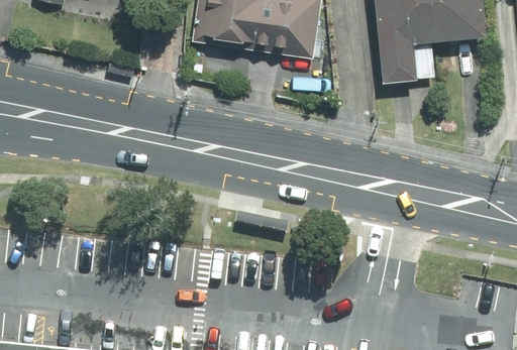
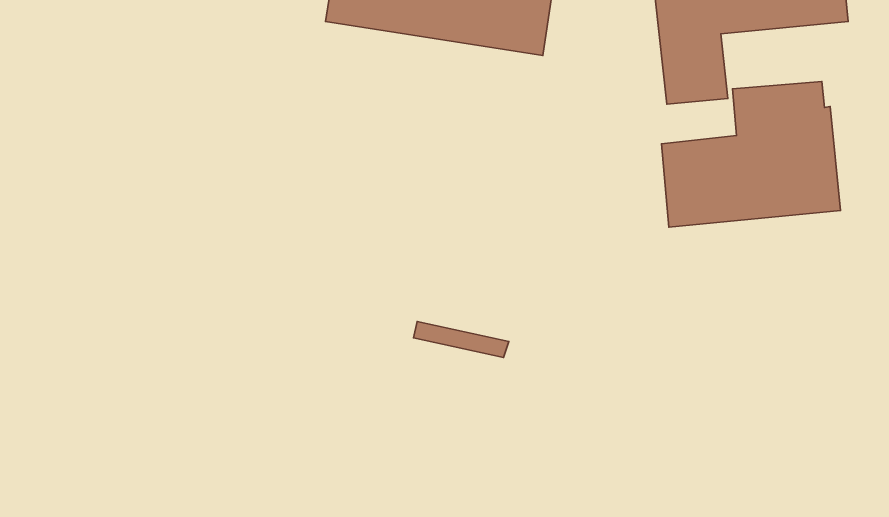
building: none -> [661,81,840,227]

